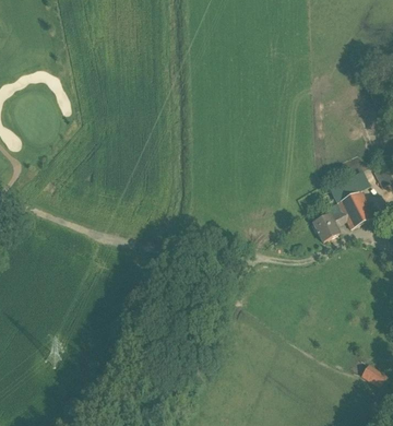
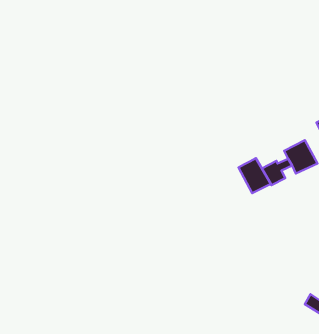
building: none -> [239,158,271,193]

